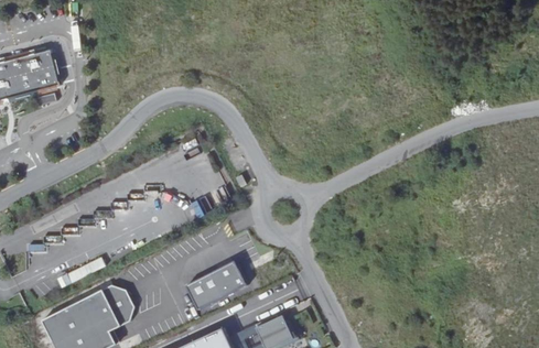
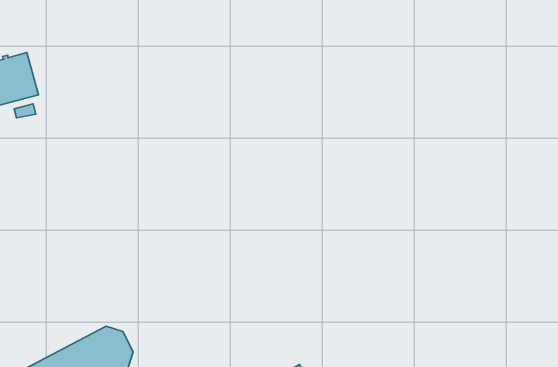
building: [182,263,244,312] -> none

